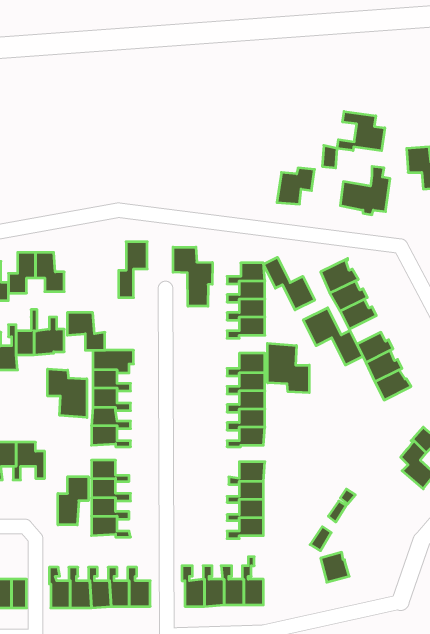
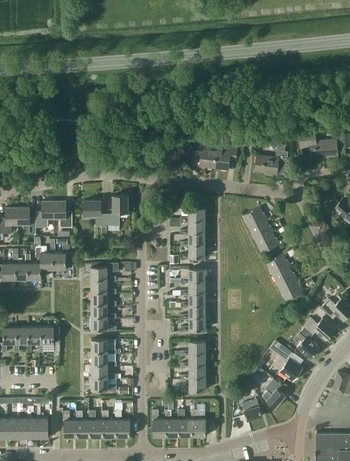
building: [337,111,385,151] -> none
building: none -> [195,141,217,168]
building: [173,247,212,306] -> none
building: [263,257,315,310] -> none
building: [303,308,363,365] -> none
building: [67,313,105,350] -> [84,200,109,225]
building: [267,343,309,393] -> none
building: [48,369,87,418] -> none
building: none -> [270,340,304,381]
building: [58,477,88,525] -> none
building: none -> [258,378,285,407]

